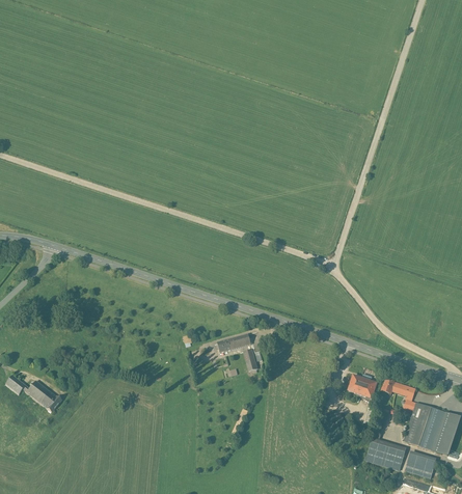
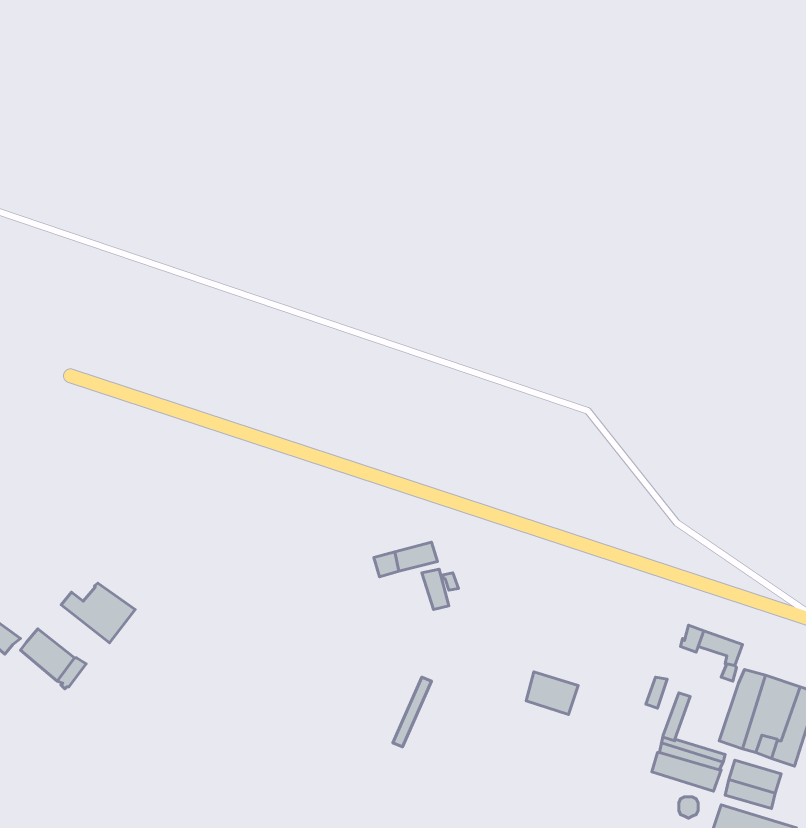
building: none -> [61,583,135,643]
building: [349,376,377,399] -> [526,672,578,714]

